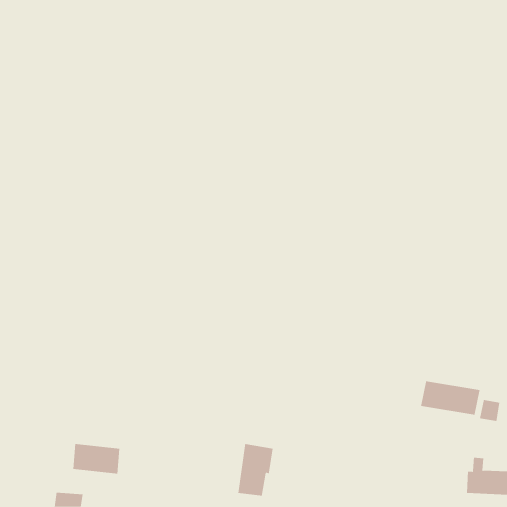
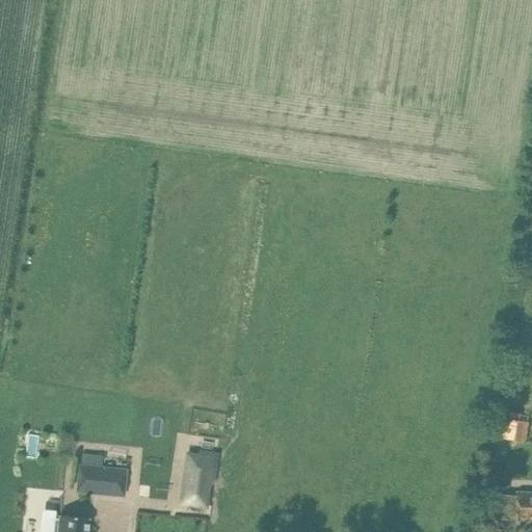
building: [420,380,480,415] -> none
building: [238,443,273,496] -> [182,449,219,504]

